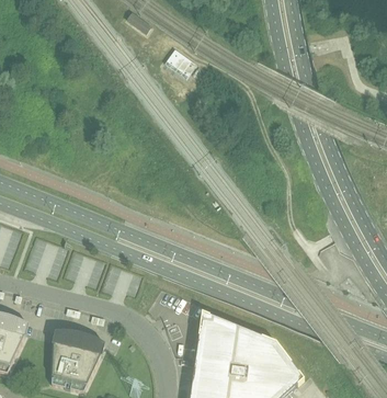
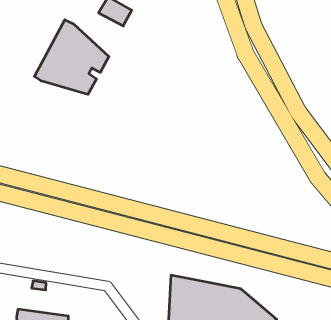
building: none -> [34,20,109,94]

